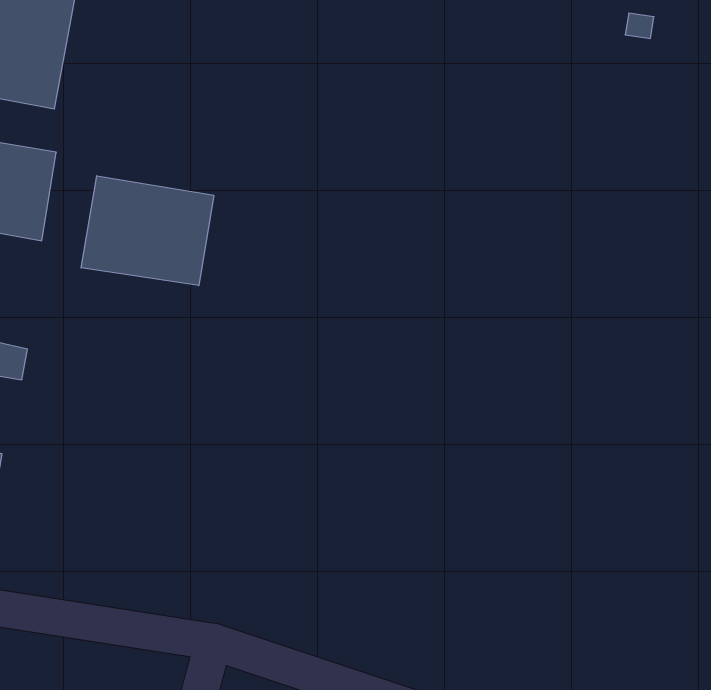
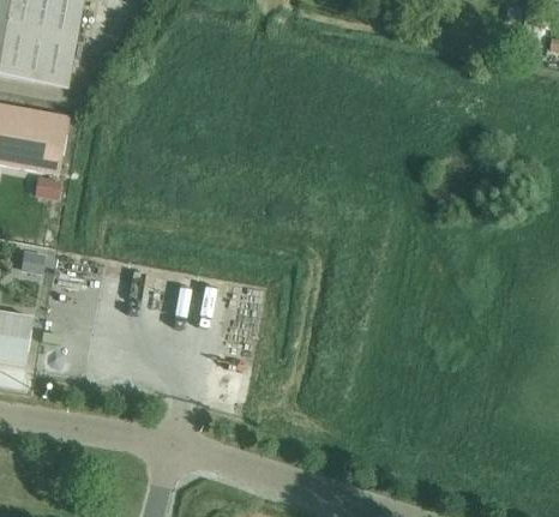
building: [81,176,214,286] -> none

